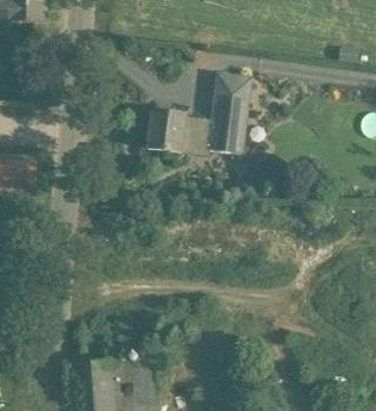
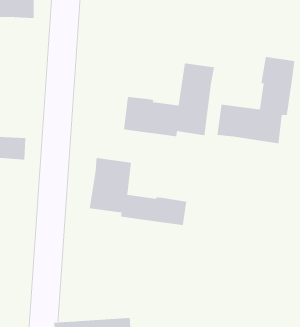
building: none -> [217,56,295,144]
building: none -> [89,157,187,226]

